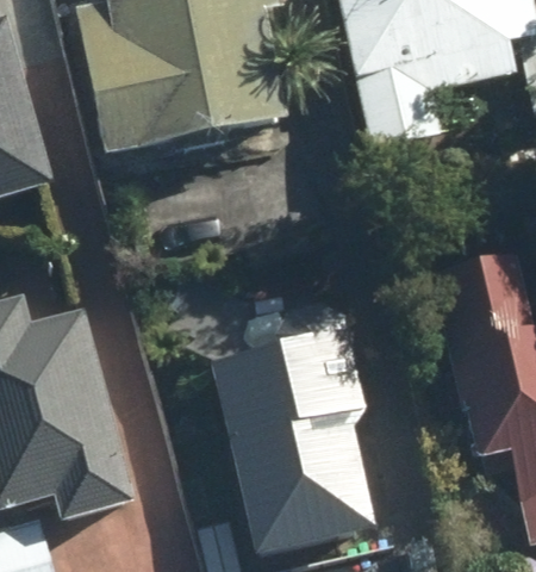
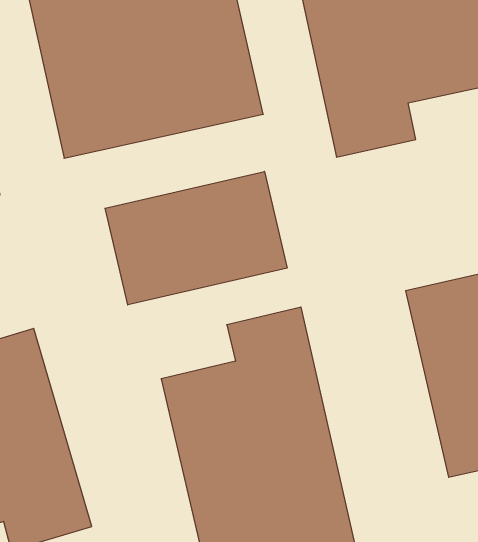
building: none -> [105,171,287,305]

